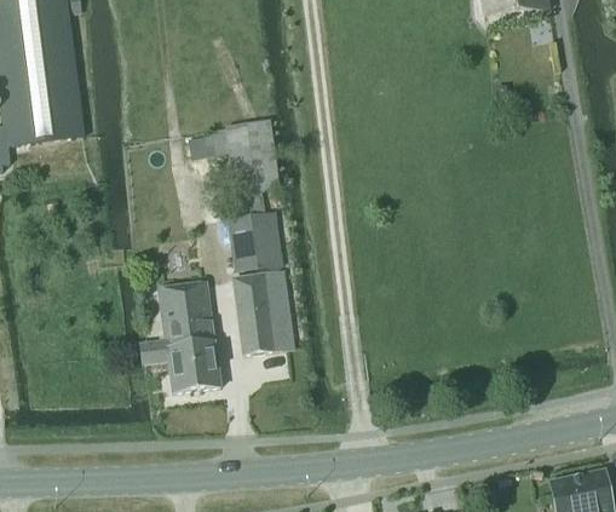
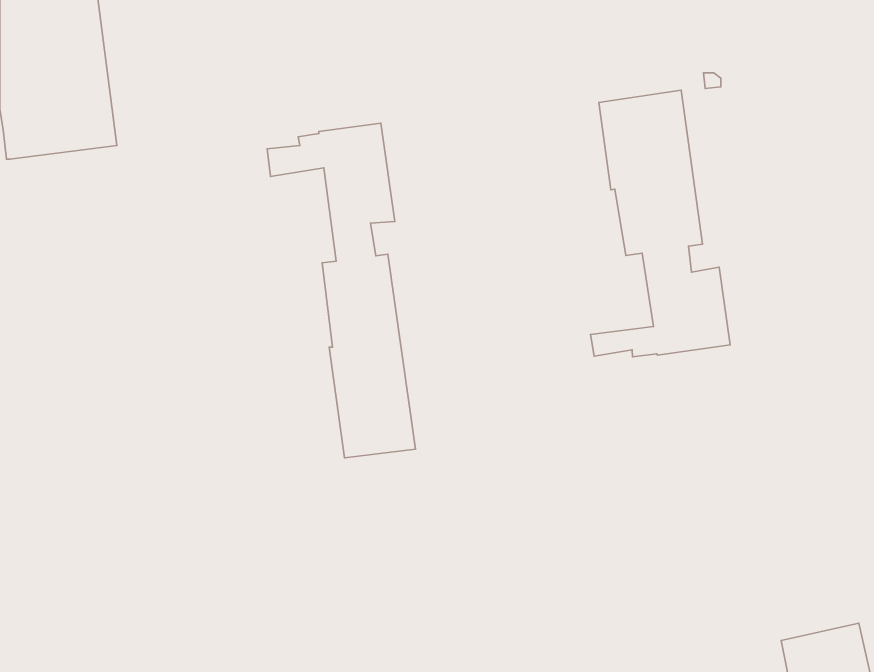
building: none -> [591,90,730,357]
building: [140,281,221,391] -> none

